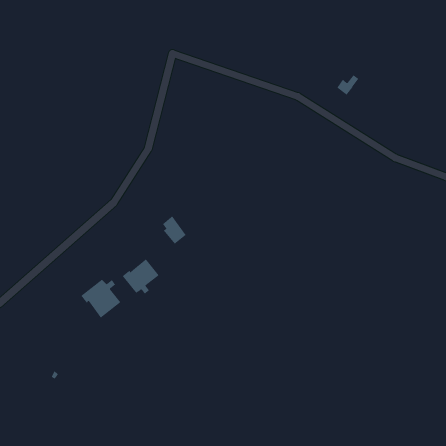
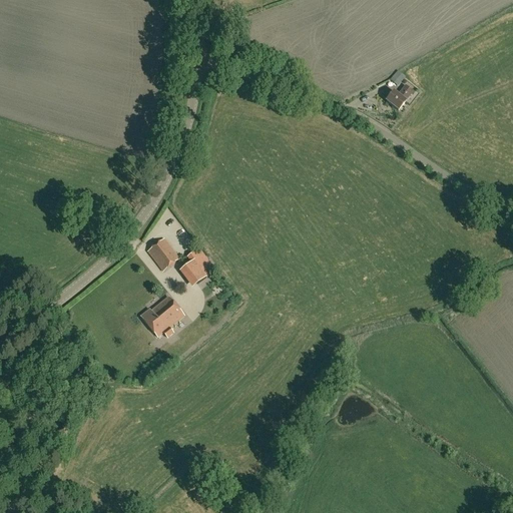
building: none -> [146,238,177,270]
building: [81,279,121,319] -> none

